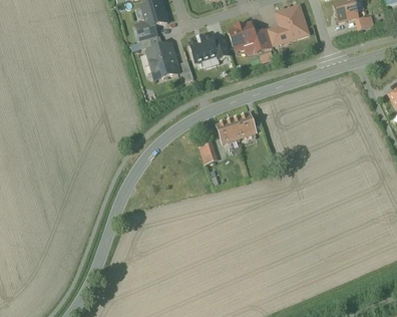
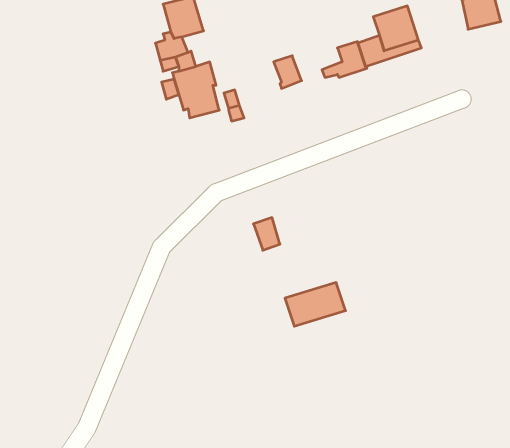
building: [229,21,257,48] -> none
building: [188,34,218,61] -> none
building: [217,113,256,141] -> [285,283,346,326]

